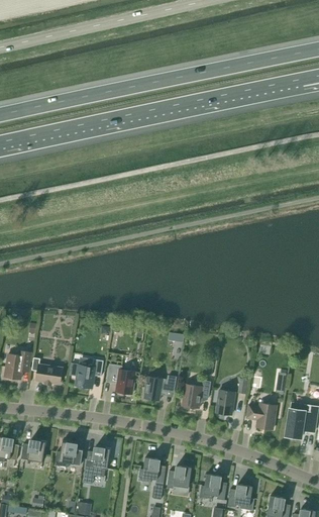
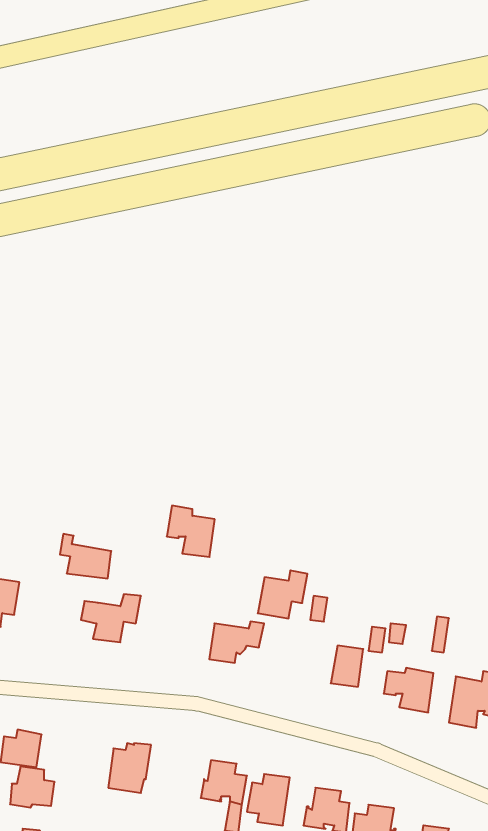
building: [31,357,62,384] -> [60,534,111,578]
building: [106,364,134,394] -> [167,506,215,557]
building: [181,380,210,408] -> [258,570,307,618]
building: [56,441,82,466] -> [10,767,55,808]

